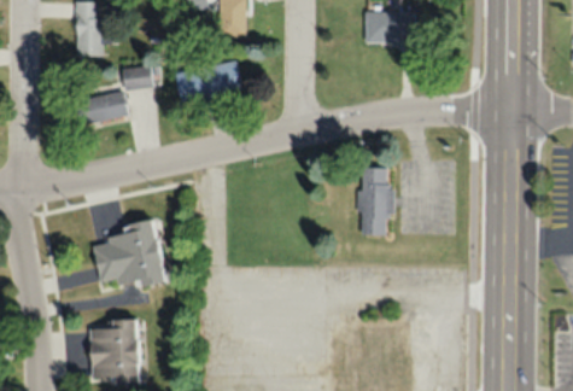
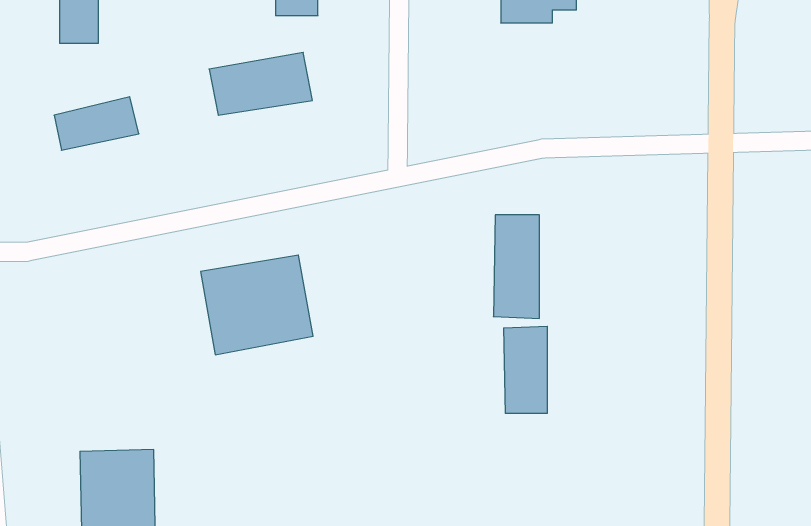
building: [123,66,153,91] -> none
building: [92,224,165,290] -> [201,255,313,355]
building: none -> [504,326,547,413]

